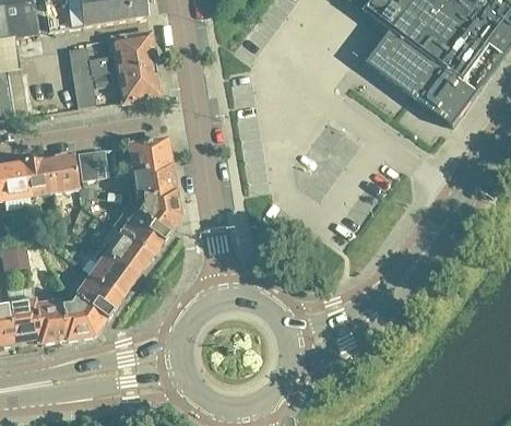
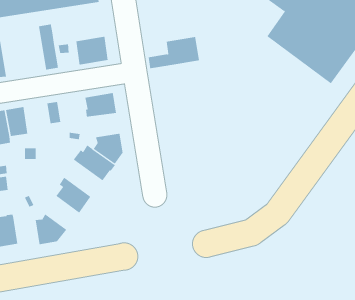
building: [87,29,156,72] -> [148,37,200,69]
building: [49,151,80,190] -> none
building: [130,163,176,196] -> none
building: [102,224,153,273] -> none
building: [70,272,122,317] -> none
building: [36,297,69,341] -> none

